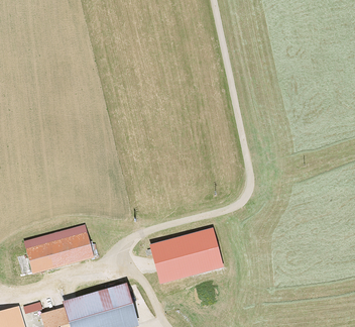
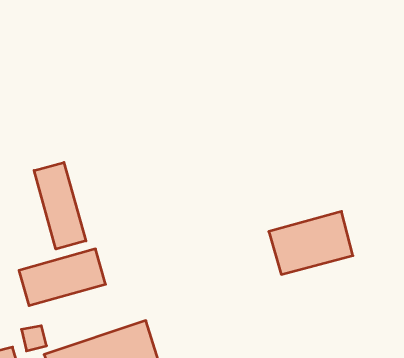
building: none -> [34,162,86,249]
building: [152,229,220,280] -> [269,211,353,274]

